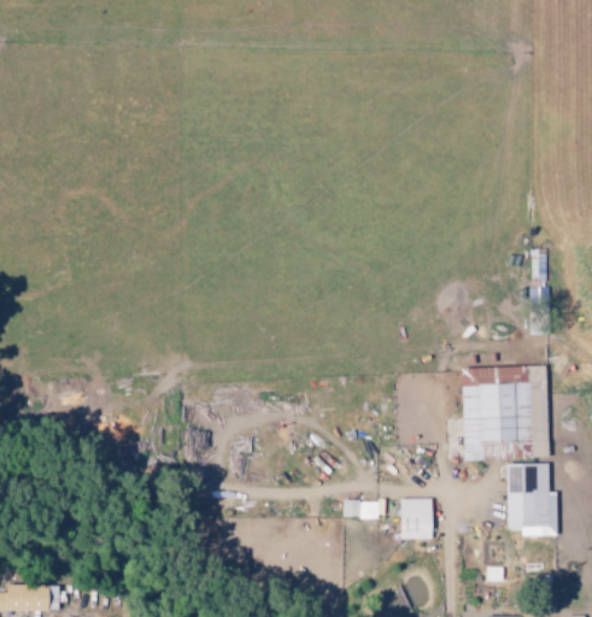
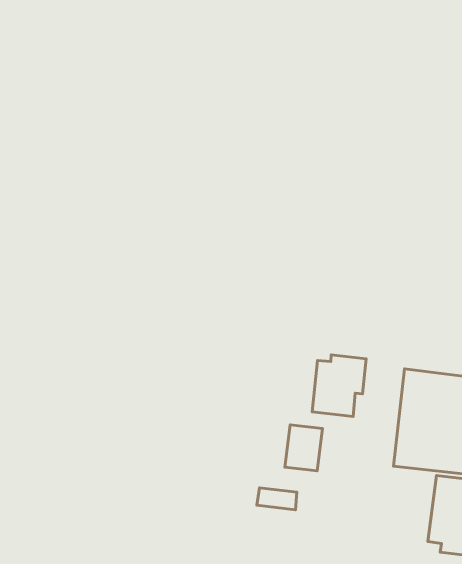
building: none -> [312,355,366,417]
building: [400,498,433,540] -> [285,425,322,471]

